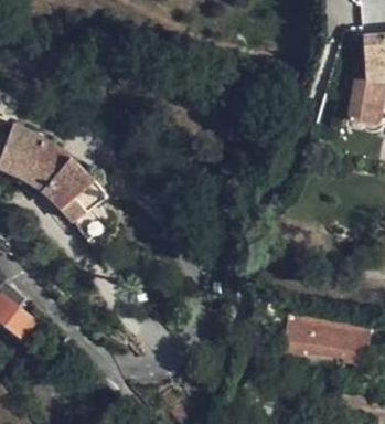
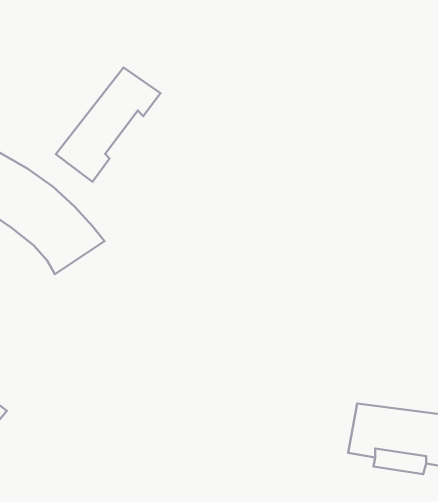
building: none -> [56,68,160,182]

